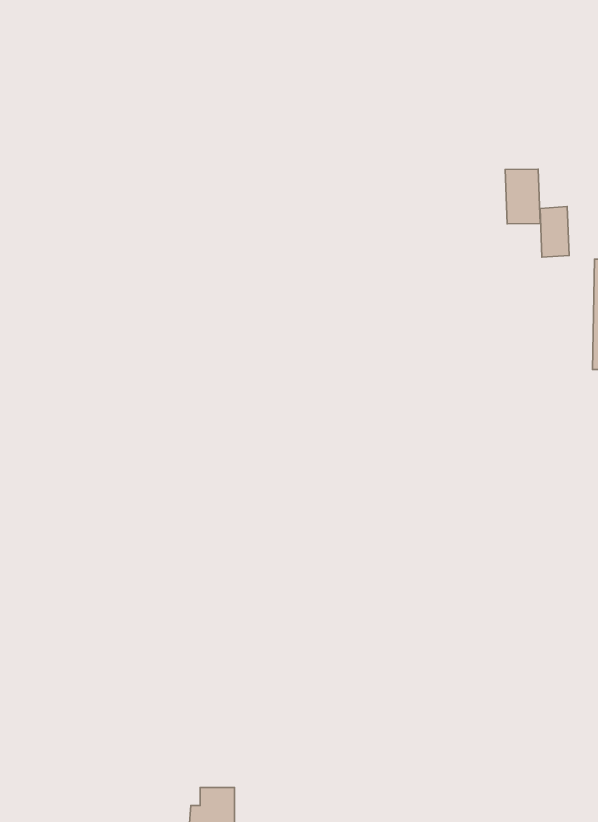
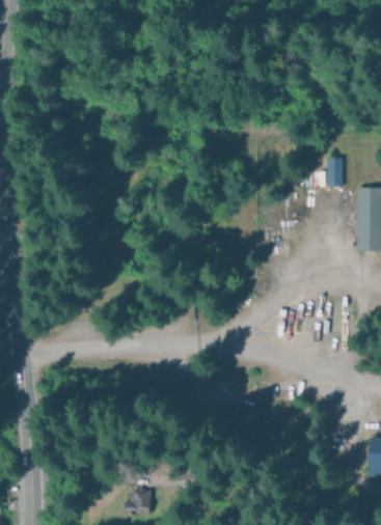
building: [505,169,540,224] -> none

